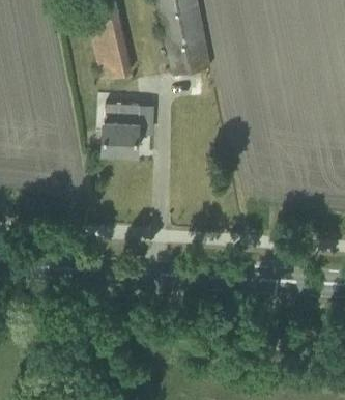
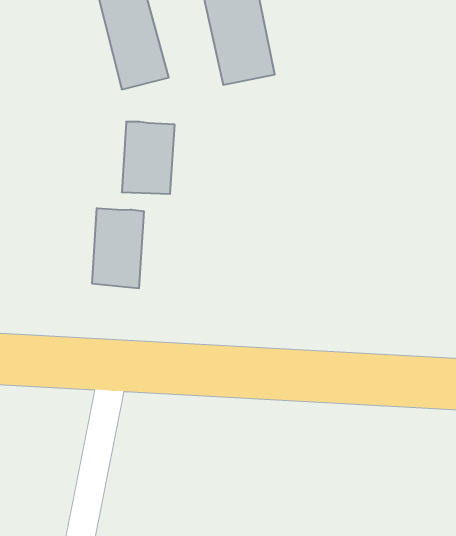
building: none -> [92,208,144,288]

